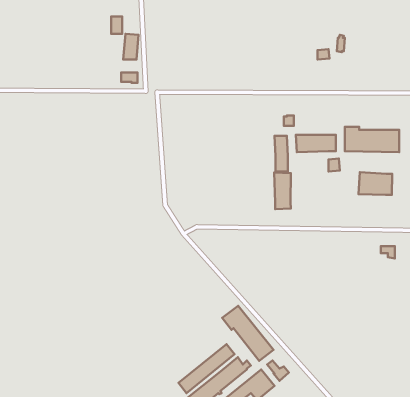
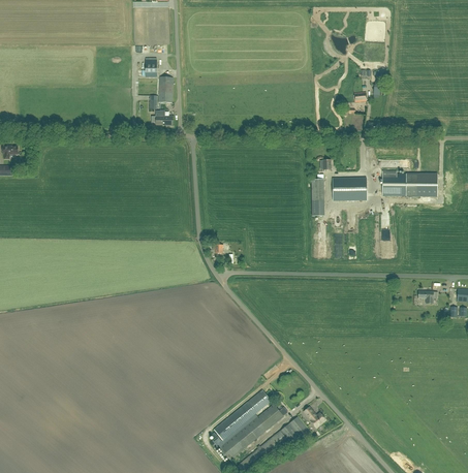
building: [359,172,392,195] -> none
building: [274,173,291,209] -> none
building: [222,306,274,361] -> none

